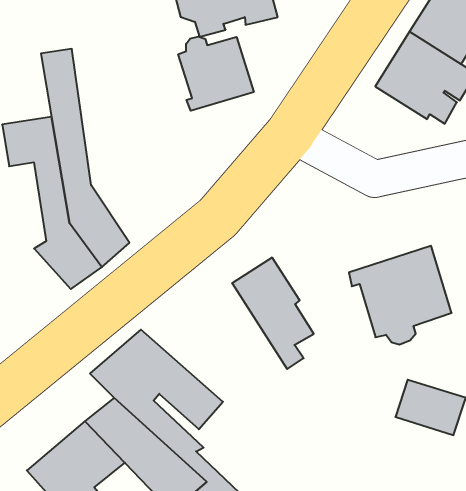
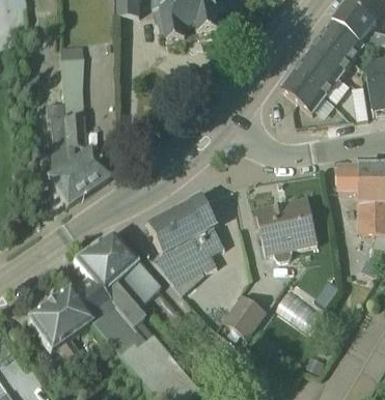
building: [178,37,254,111] -> none
building: none -> [146,207,204,290]
building: none -> [220,291,266,336]

